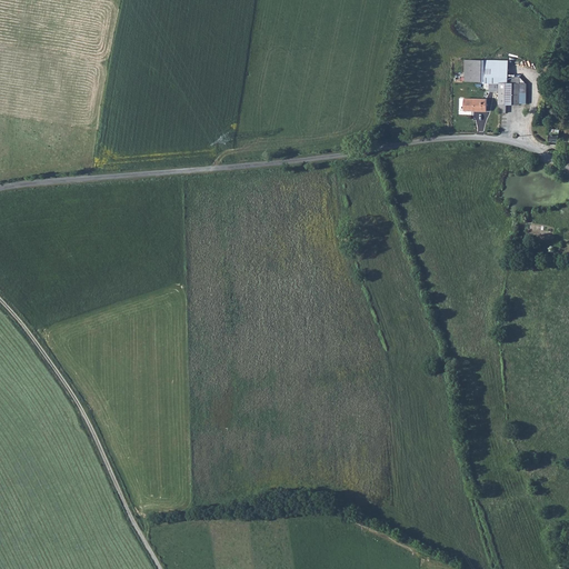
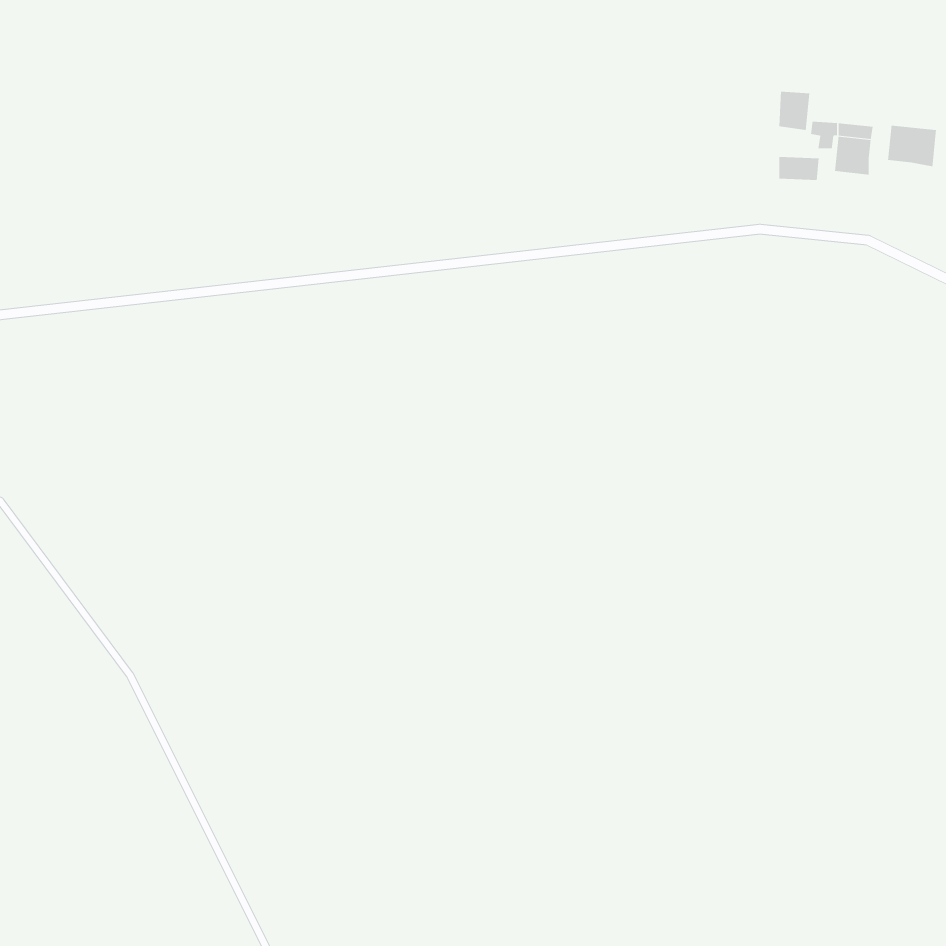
building: none -> [887,125,937,167]

